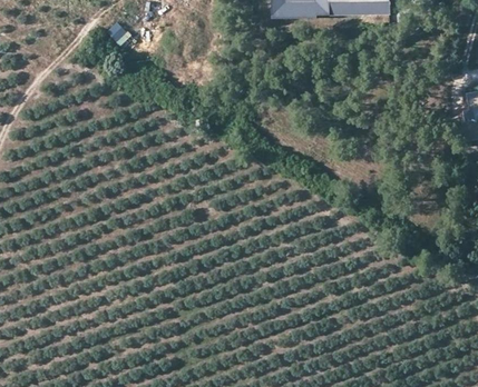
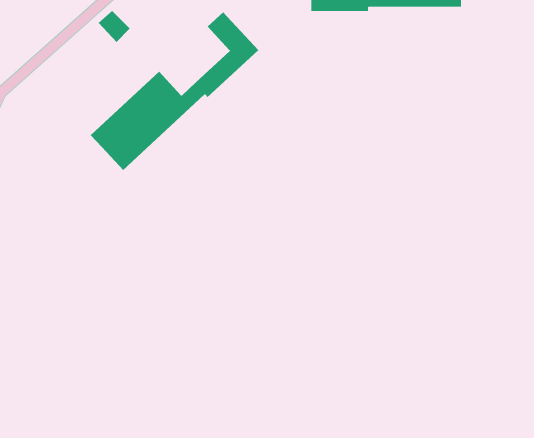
building: none -> [90,11,259,171]

